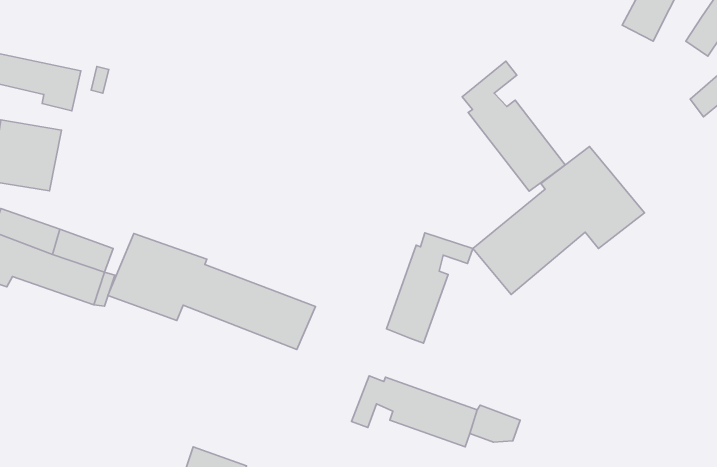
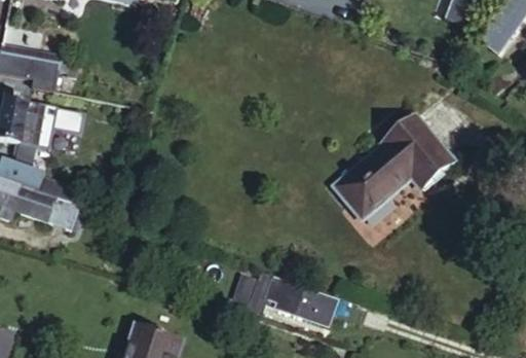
building: [462,61,565,191] -> none
building: [386,233,473,343] -> none
building: [108,233,315,349] -> none

